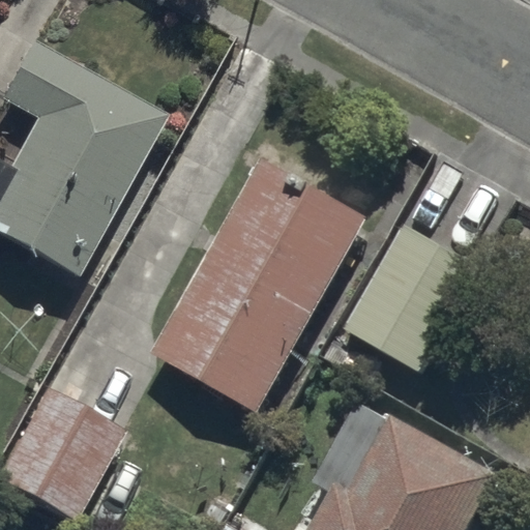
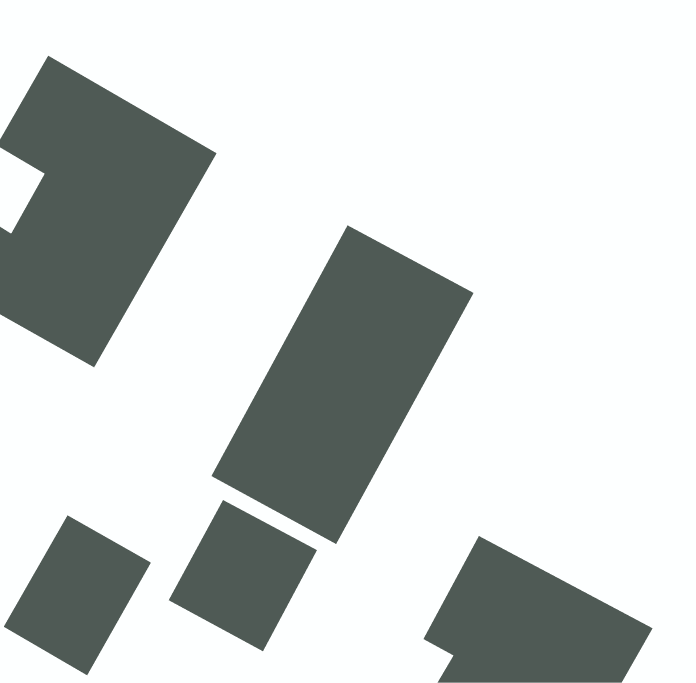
building: [349,220,476,369] -> none
building: none -> [168,499,318,652]

